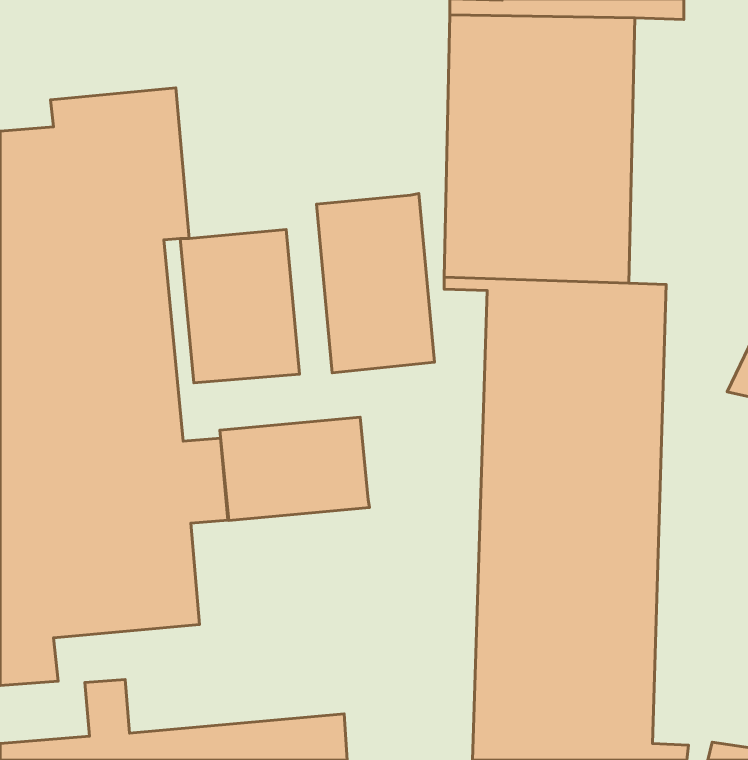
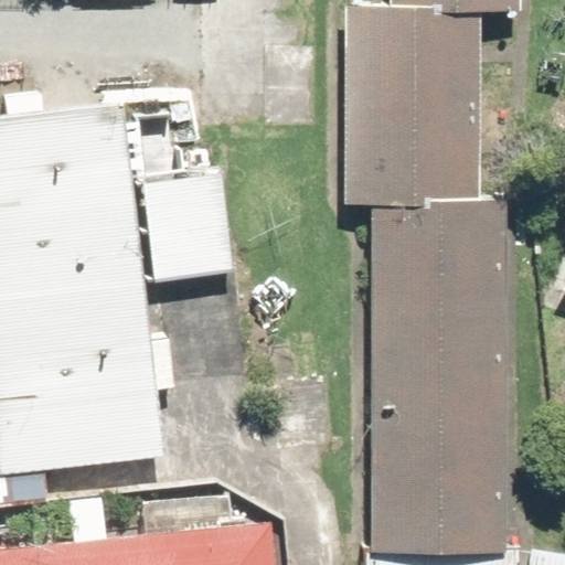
building: [316,194,435,373] -> none
building: [220,417,370,520] -> none

